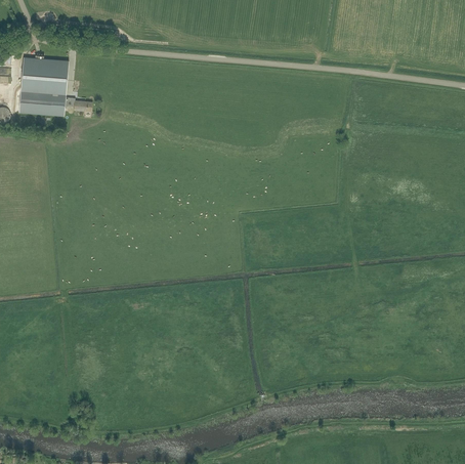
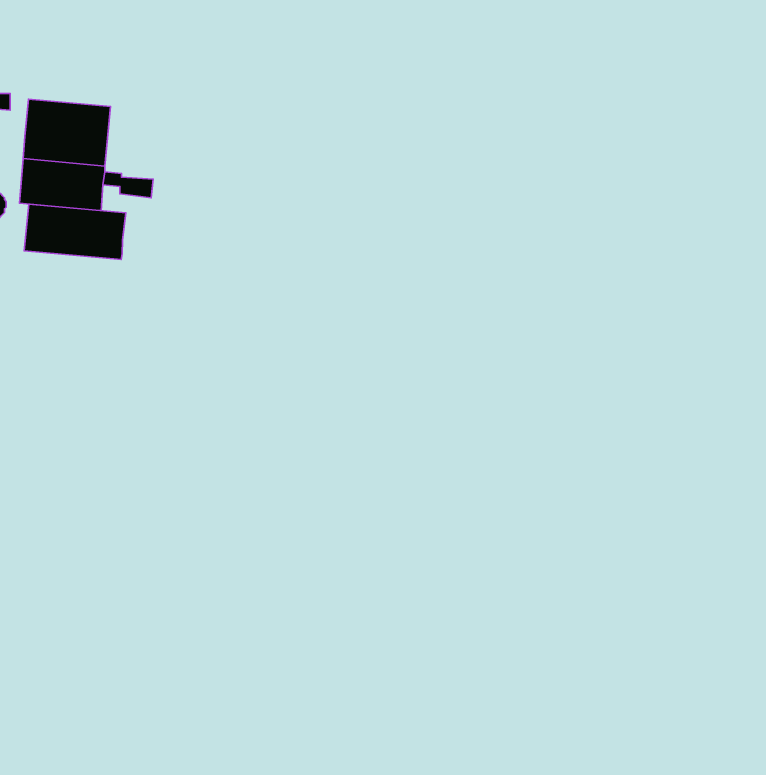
building: none -> [24,204,126,260]

